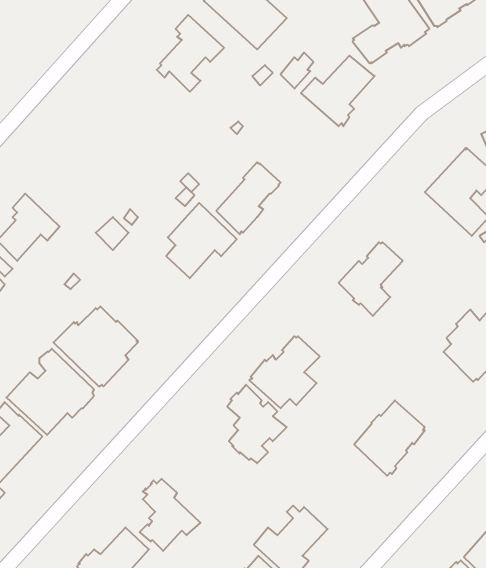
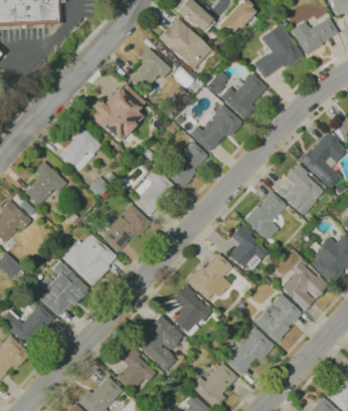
building: none -> [90,81,146,142]
building: none -> [190,104,242,151]
building: none -> [60,125,102,171]
building: none -> [287,164,324,215]
building: none -> [104,204,152,252]
building: none -> [229,223,268,272]
building: none -> [278,261,329,311]
building: none -> [134,315,183,371]
building: none -> [227,327,275,375]

